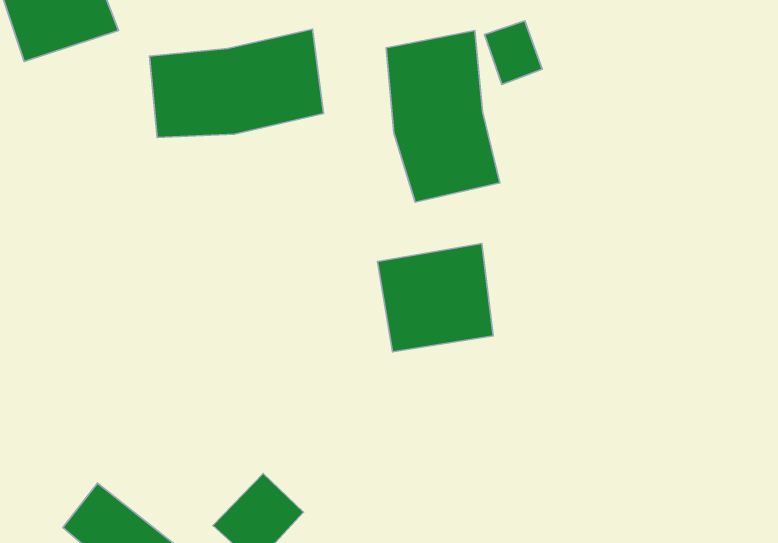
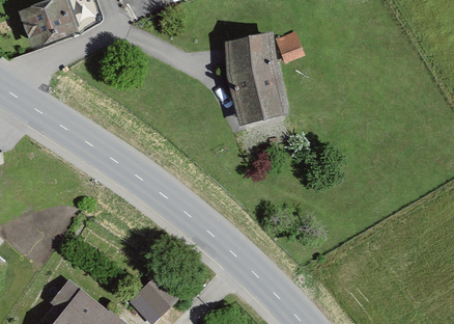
building: [149,29,324,138] -> none
building: [378,243,493,352] -> none

